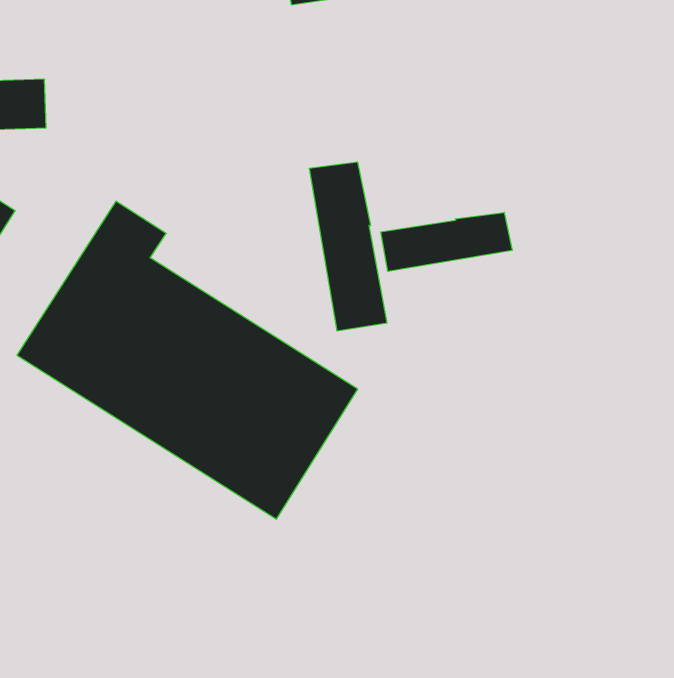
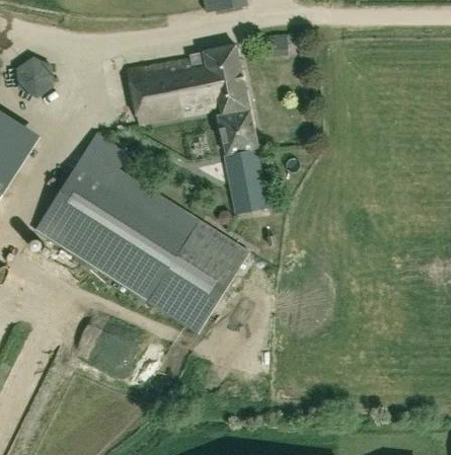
building: none -> [128,46,248,125]
building: [381,212,512,271] -> none

